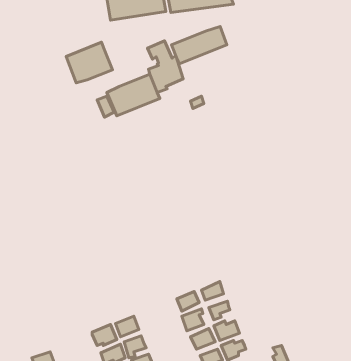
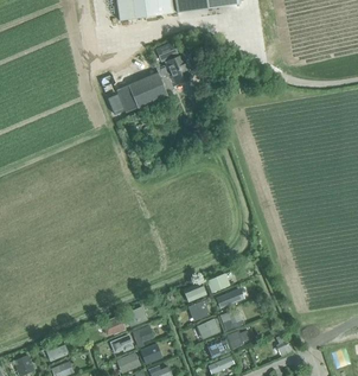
building: [171,26,227,64] -> none
building: [66,42,112,83] -> none

